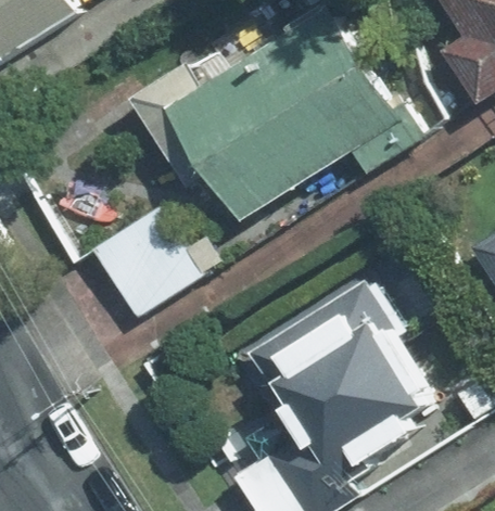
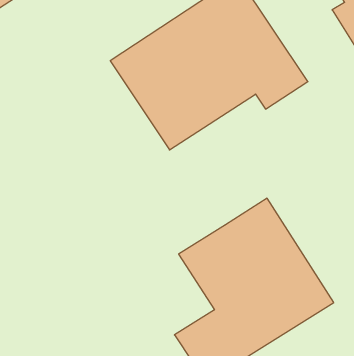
building: [93,203,217,314] -> none

